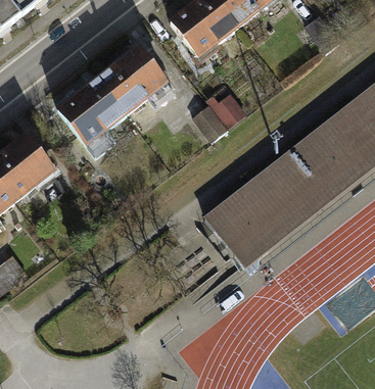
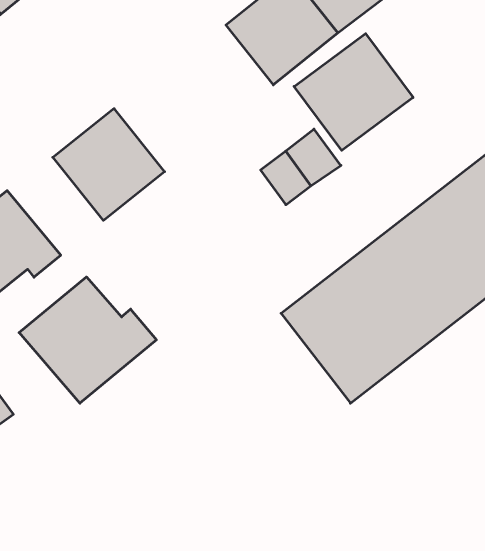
building: none -> [294,34,413,150]
building: [96,42,173,117] -> none
building: none -> [19,277,156,403]

